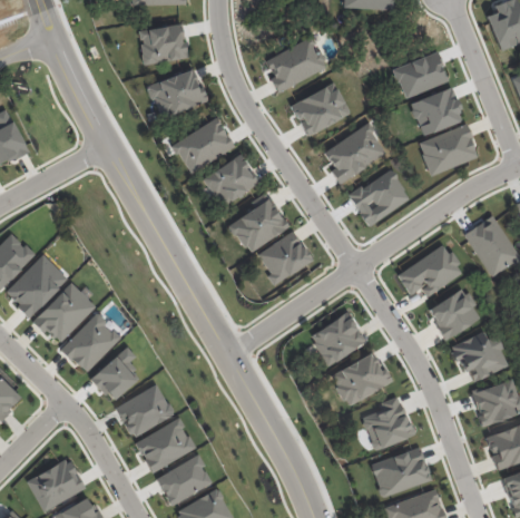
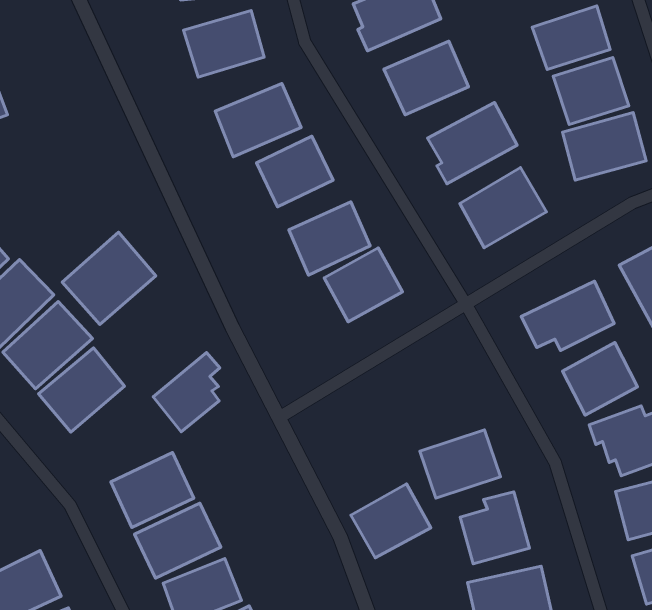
building: none -> [62,232,156,324]
building: [308,312,365,365] -> [351,484,431,558]
building: [90,345,137,402] -> [153,353,220,432]

